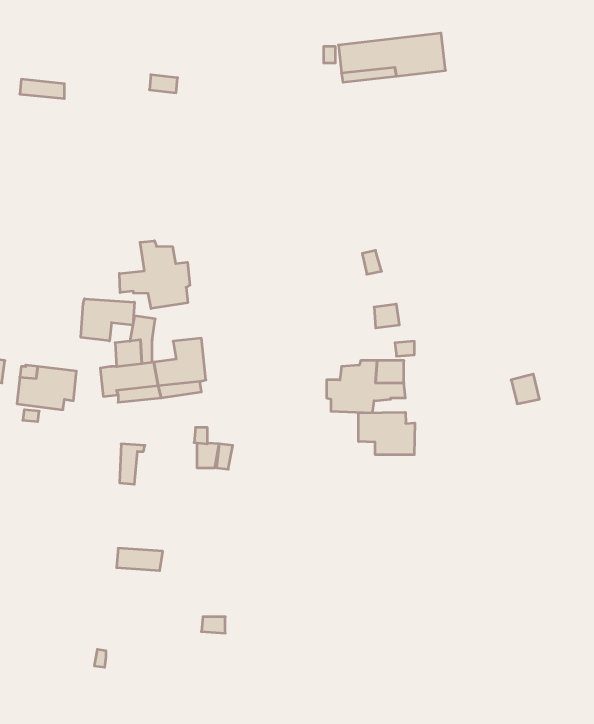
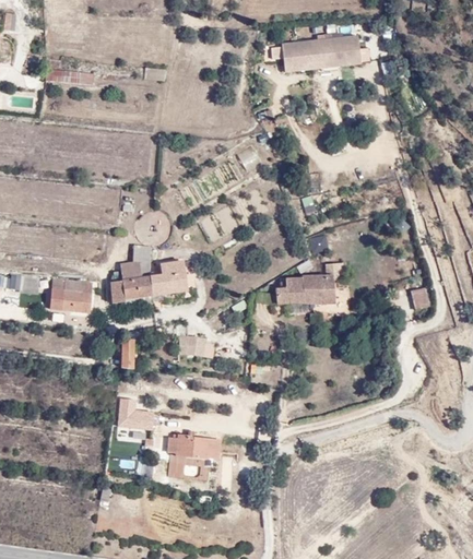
building: [119,241,190,309] -> none
building: [81,299,134,341] -> none
building: [359,412,415,455] -> none
building: none -> [170,433,223,457]

